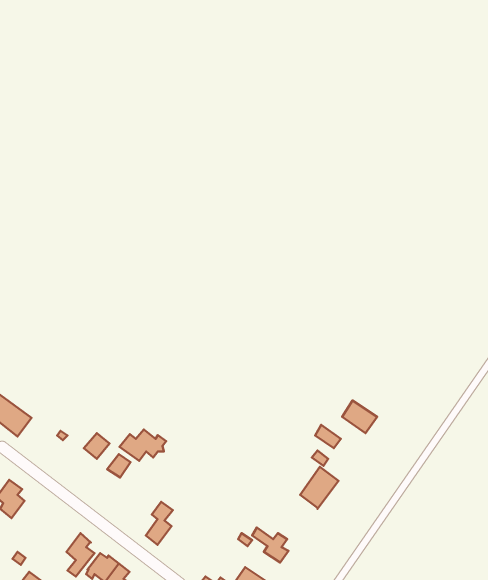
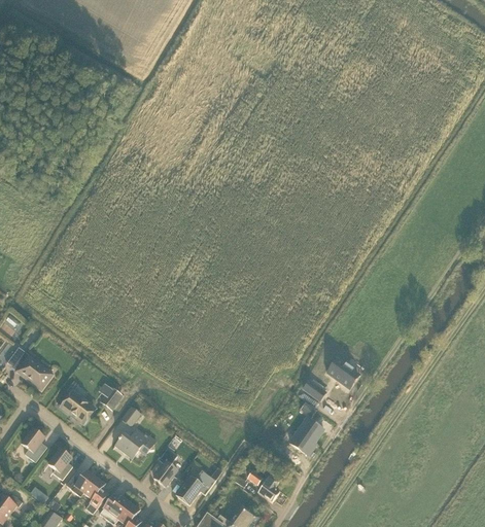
building: [119,429,166,461] -> [114,430,155,458]
building: none -> [62,392,94,423]
building: none -> [48,449,72,480]
building: none -> [66,468,96,495]
building: none -> [175,469,214,504]

